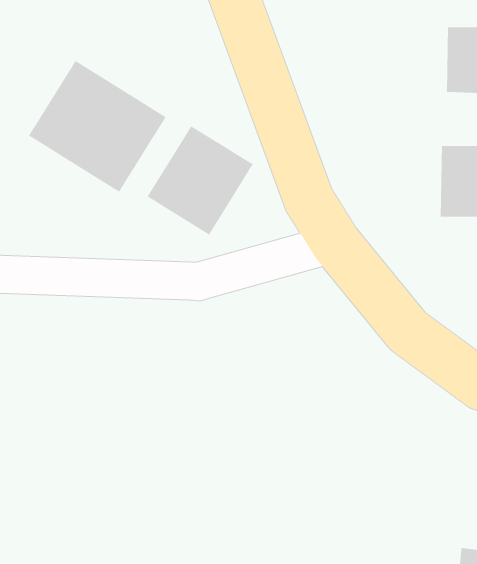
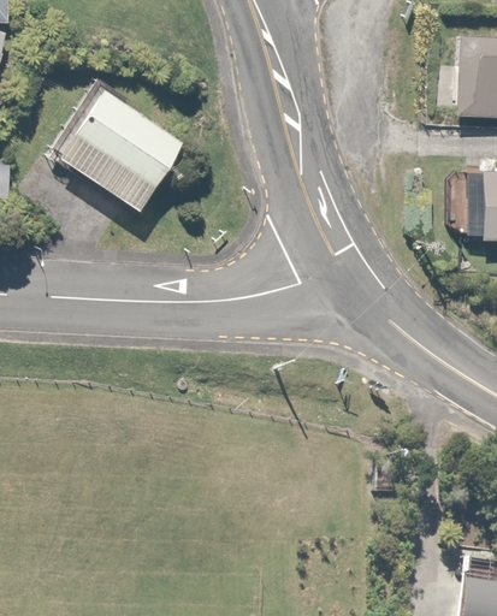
building: [147,125,253,235] -> none

